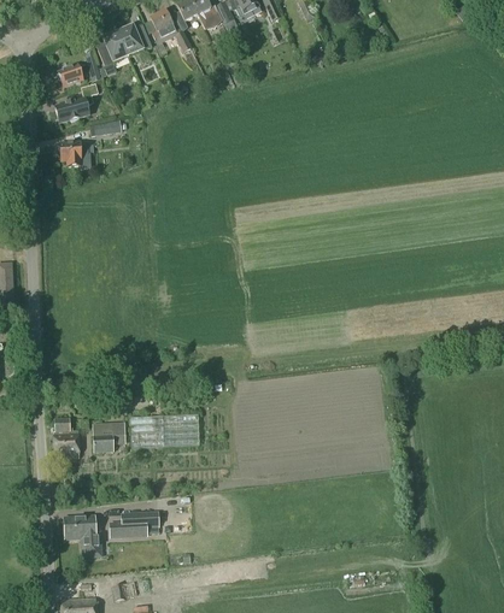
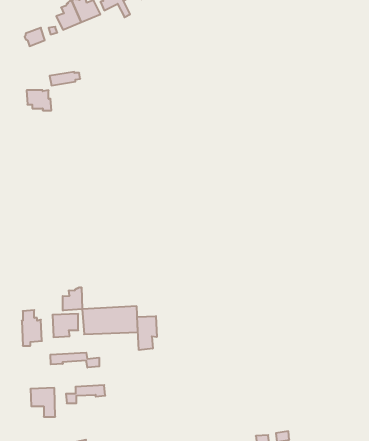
building: [55,83,98,120] -> none
building: none -> [63,287,82,311]
building: none -> [137,316,157,350]
building: none -> [50,353,99,368]

